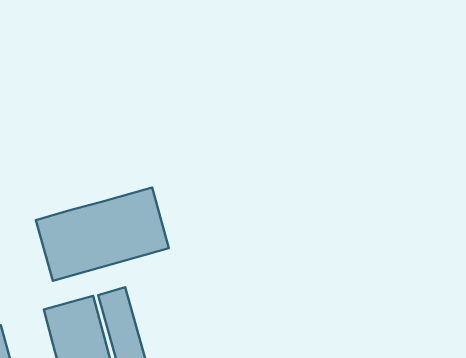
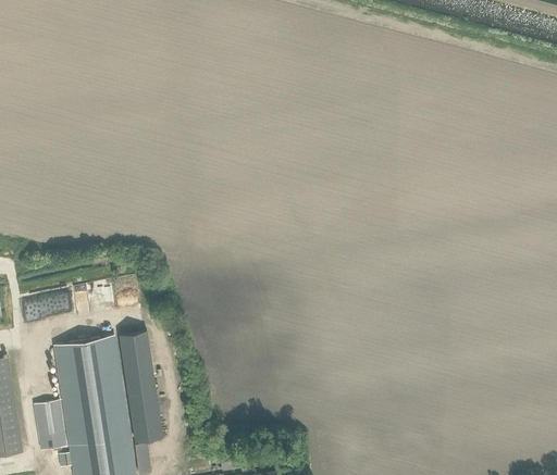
building: [36,187,169,281] -> none

